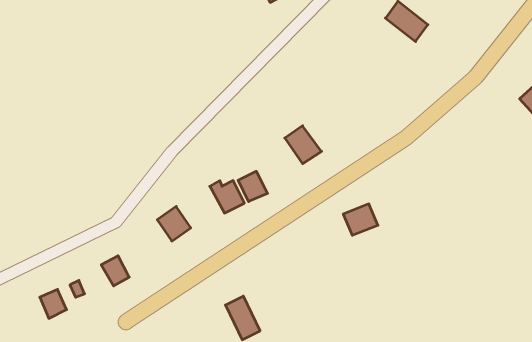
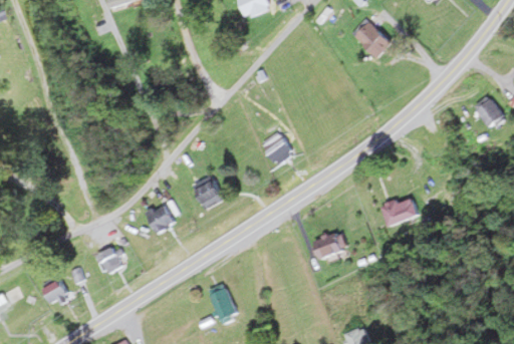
building: [238,171,268,202] -> none
building: none -> [380,195,420,228]
building: [343,204,378,235] -> [313,232,344,260]

